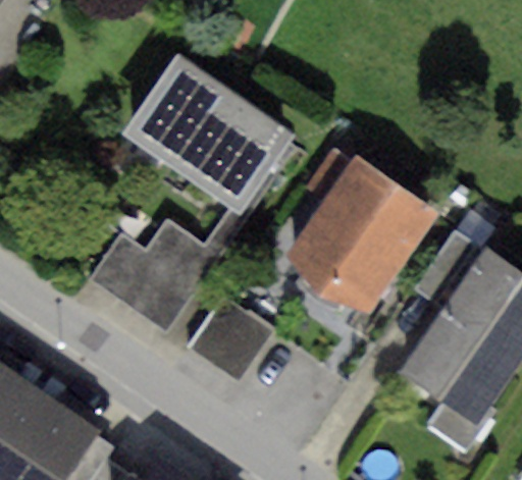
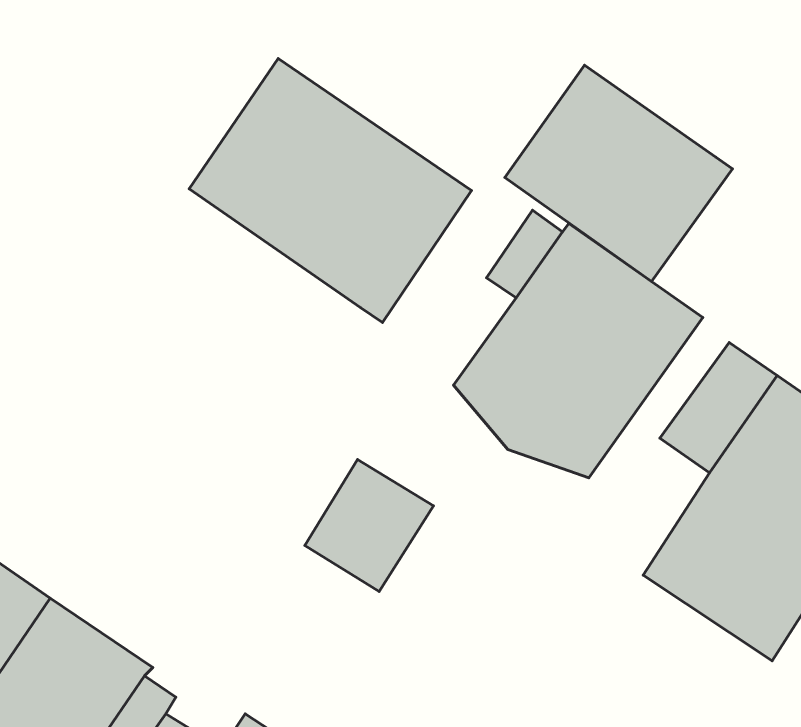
building: none -> [505,65,732,281]
building: [85,207,241,335] -> none

